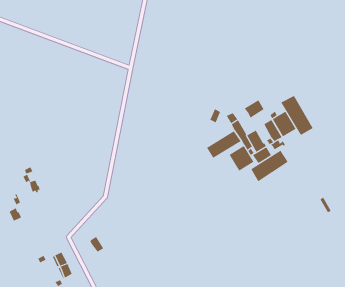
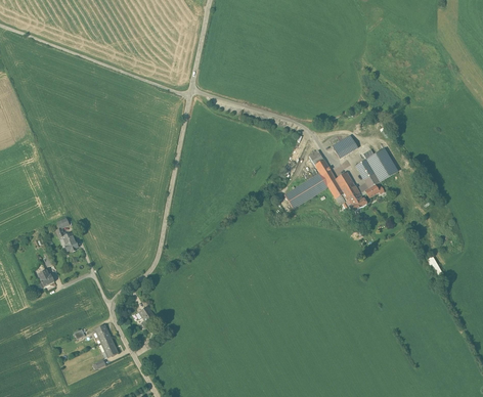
building: [280,95,314,136] -> none
building: [229,145,254,171] -> none
building: [251,150,288,182] -> none

